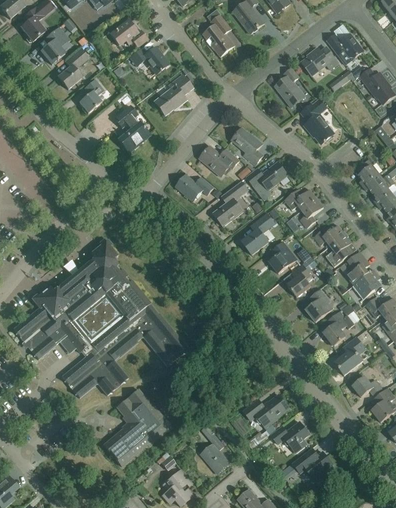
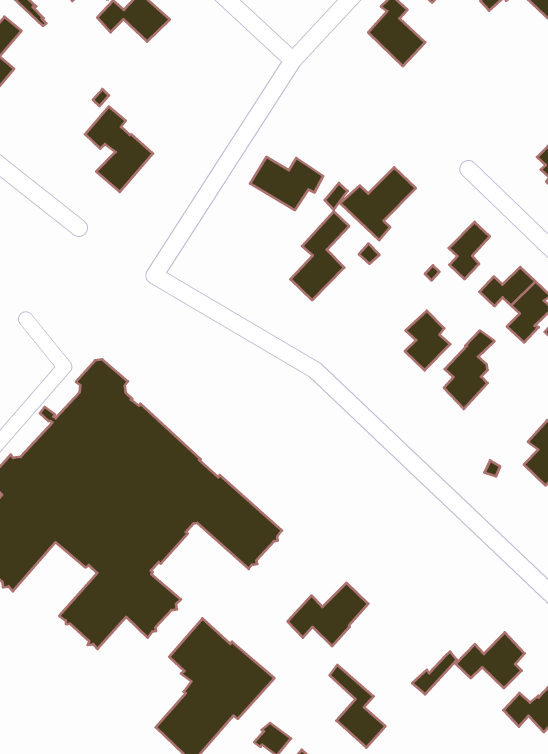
building: [154,73,192,114] -> none
building: [78,78,104,112] -> none
building: [301,98,334,143] -> none
building: [232,128,263,164] -> none
building: [176,174,214,201] -> none
building: [286,188,317,209] -> none
building: [242,213,275,255] -> none
building: [306,288,332,322] -> none
building: [244,394,289,427] -> [288,583,368,646]

